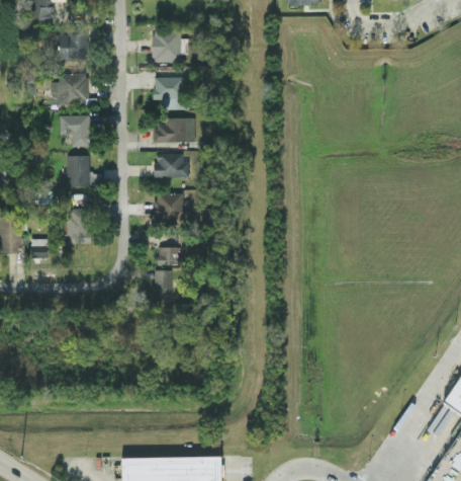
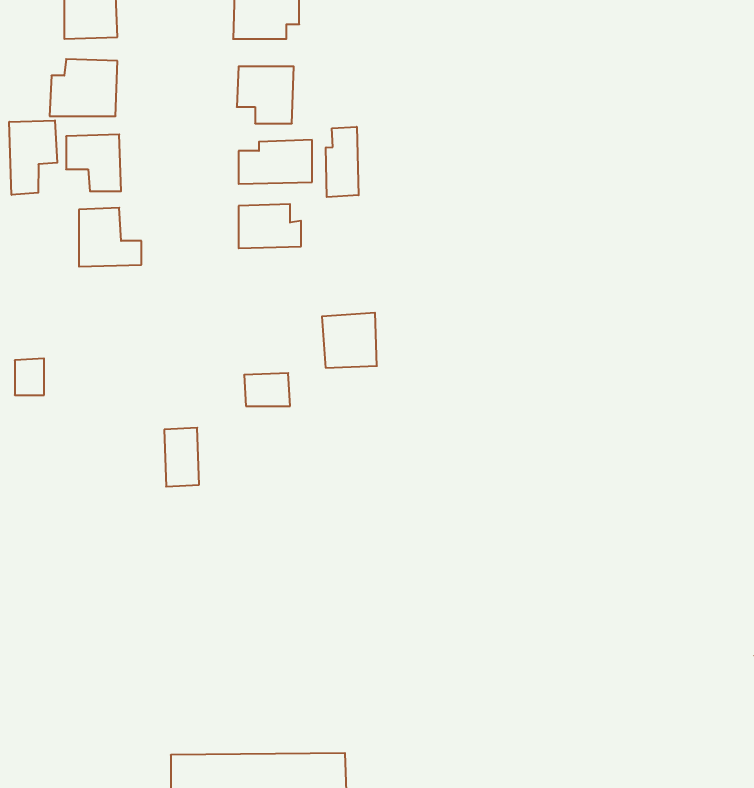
building: none -> [9,120,57,195]
building: none -> [326,127,359,197]
building: [154,192,184,223] -> [322,313,377,368]
building: [68,208,90,243] -> none
building: [154,269,173,302] -> [164,428,199,487]

